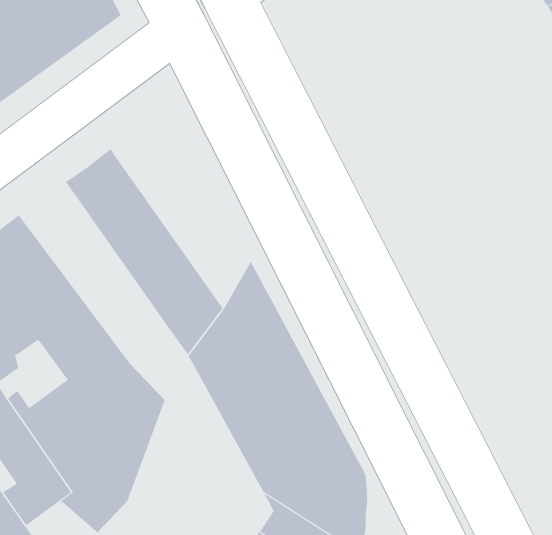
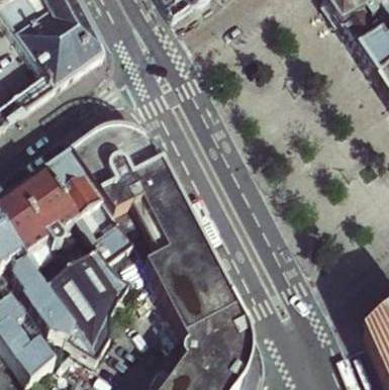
building: none -> [97,126,179,221]
building: none -> [41,147,131,255]

